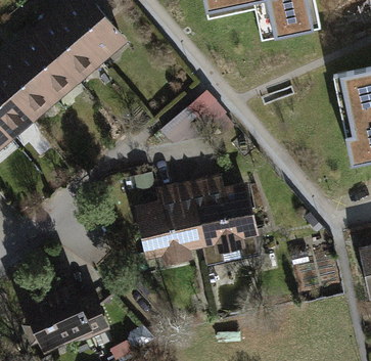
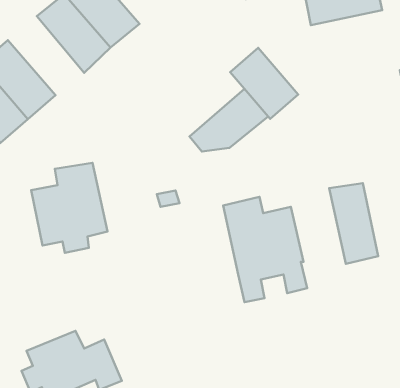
building: [14,34,77,98] -> none
building: none -> [230,48,298,119]
building: none -> [329,183,378,264]
building: [140,188,202,262] -> [31,163,108,253]

